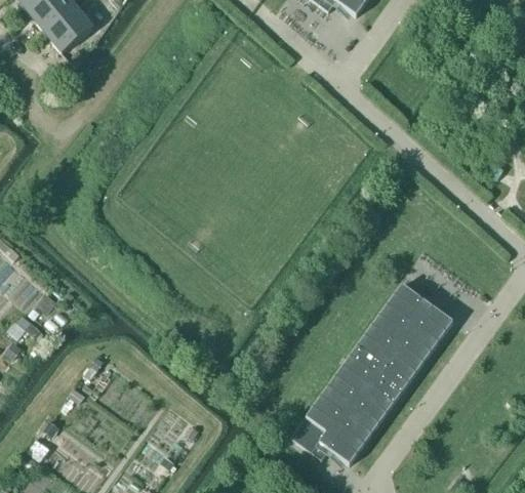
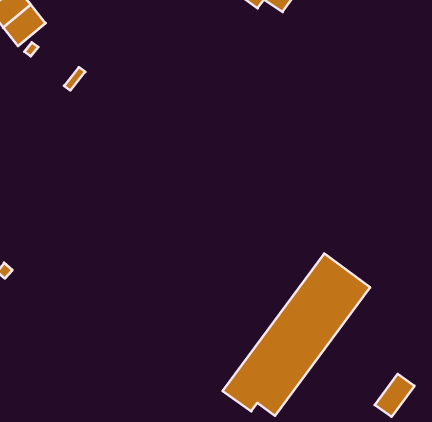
building: none -> [375,374,414,417]

